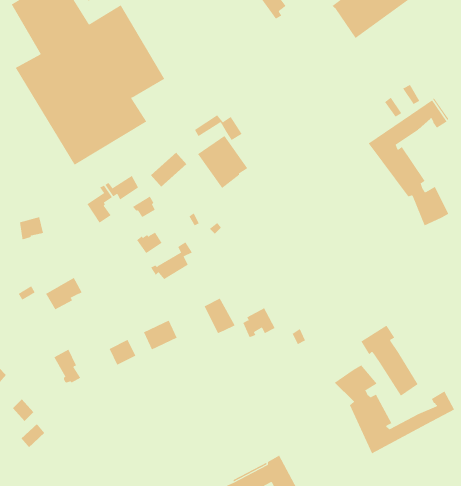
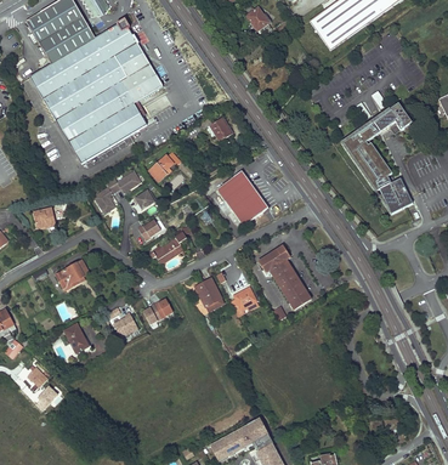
building: [197,135,248,189] -> [221,177,266,225]
building: [361,325,419,397] -> [259,245,310,308]
building: [334,364,455,454] -> none

